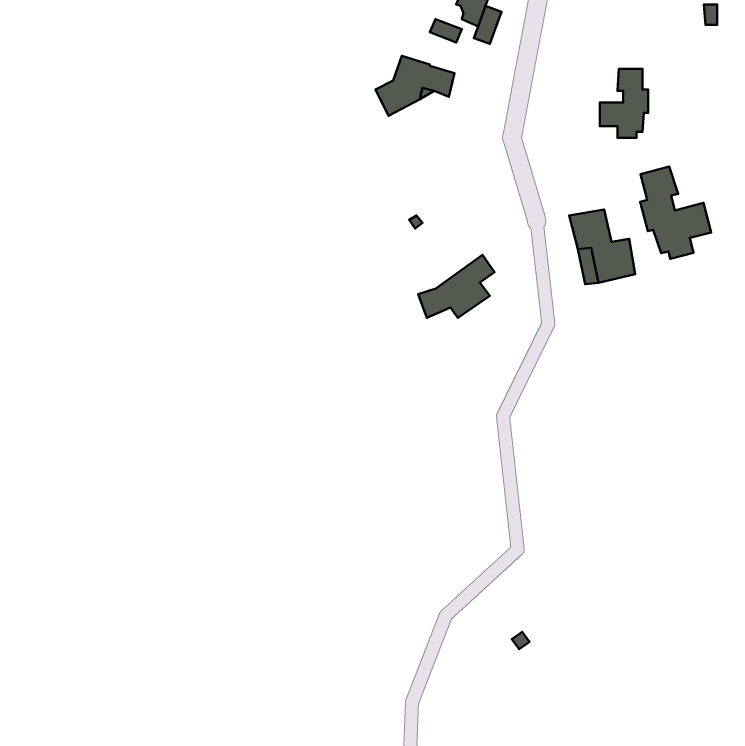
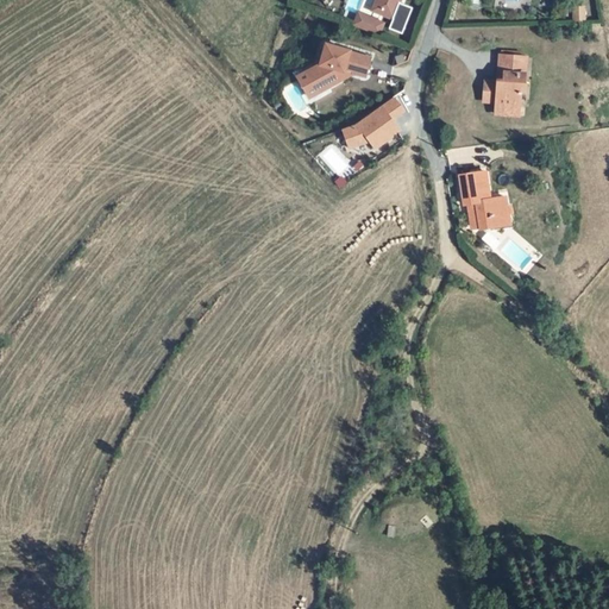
building: [640,167,711,259] -> none
building: [418,255,494,318] -> [339,95,401,146]

